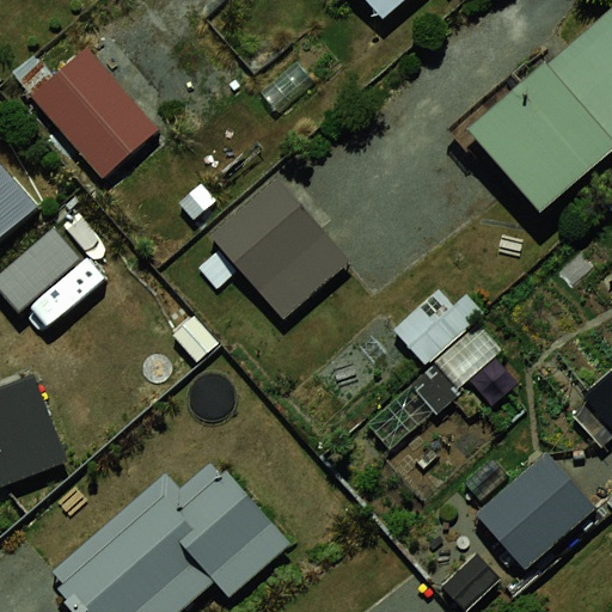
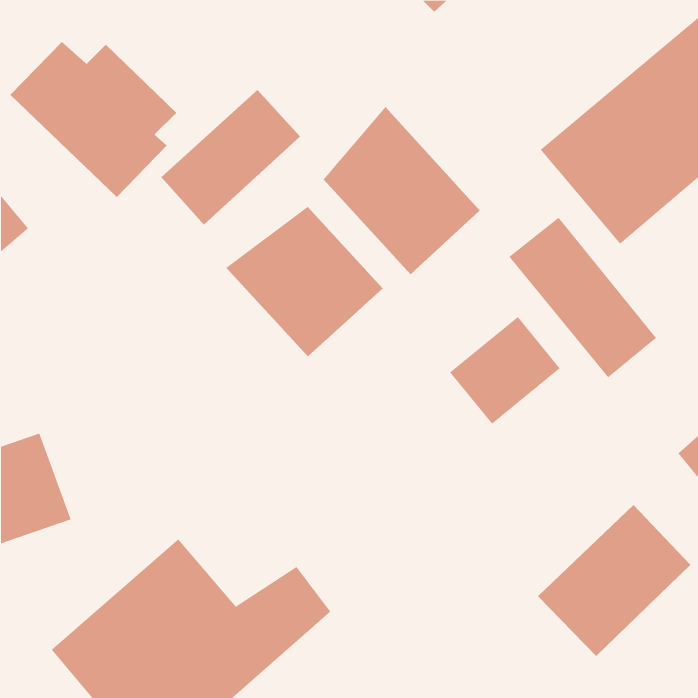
building: none -> [161,89,301,226]
building: none -> [323,106,480,275]
building: none -> [509,217,657,378]

